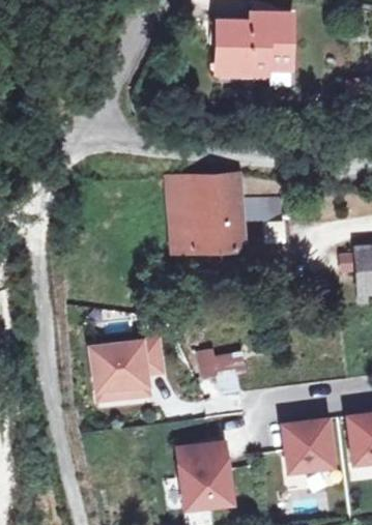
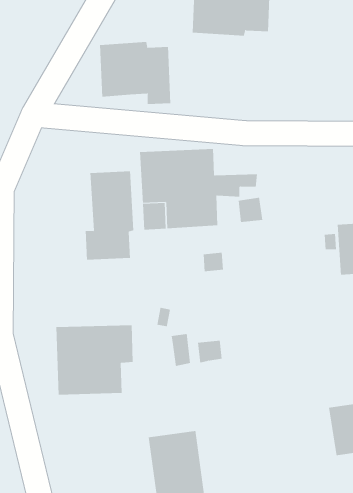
building: none -> [99,41,171,105]
building: none -> [85,171,134,260]
building: [281,420,331,473] -> none

